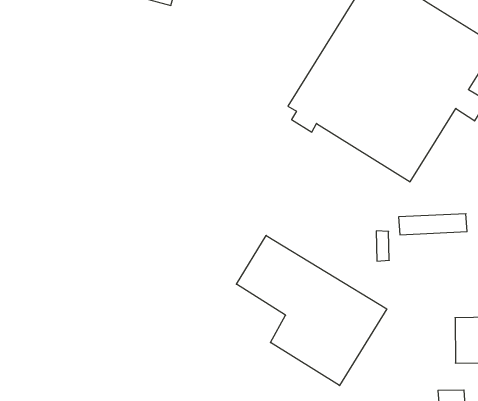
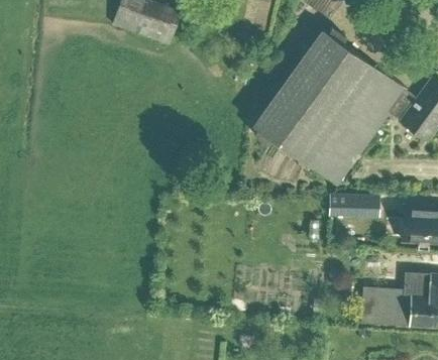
building: none -> [330,193,381,210]
building: [236,235,387,386] -> none

